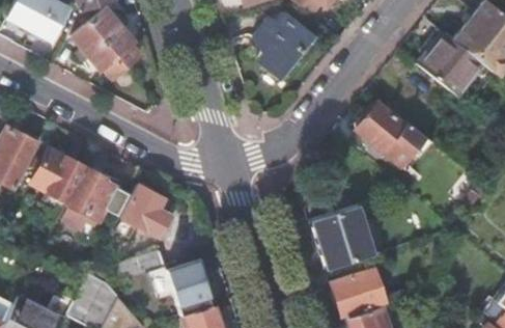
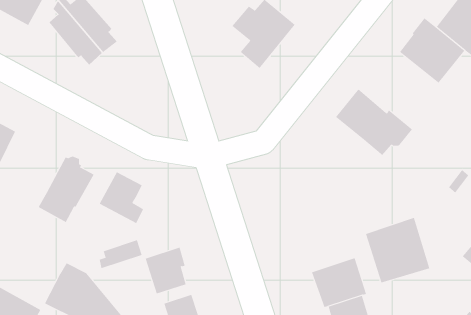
building: [31,147,83,200] -> none
building: [311,203,375,269] -> [365,217,430,283]

